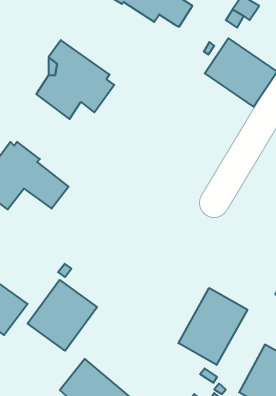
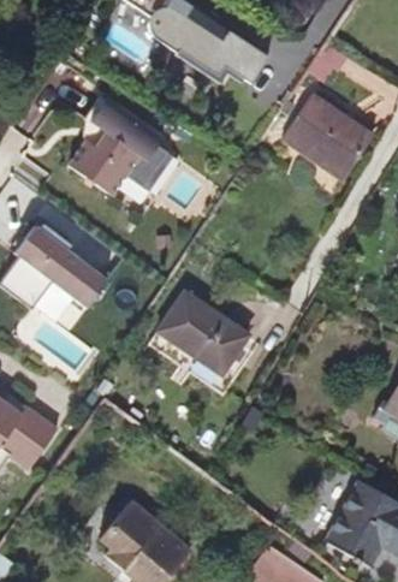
building: none -> [156,291,249,375]
building: [28,280,97,351] -> none
building: [178,288,247,365] -> none

